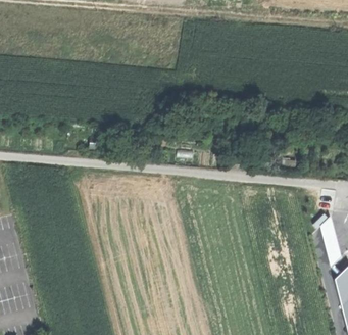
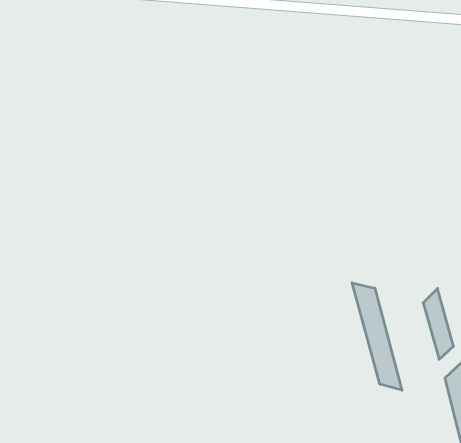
building: none -> [352,283,402,390]

